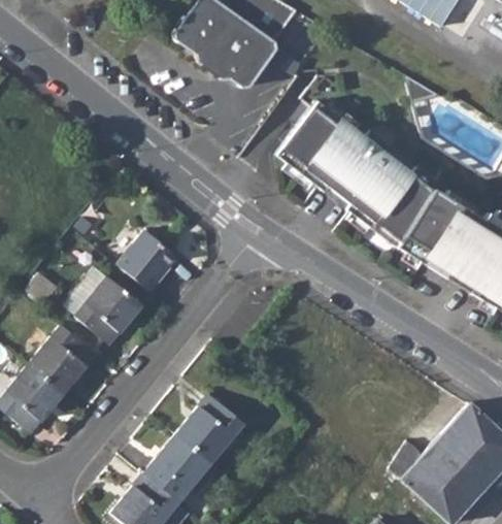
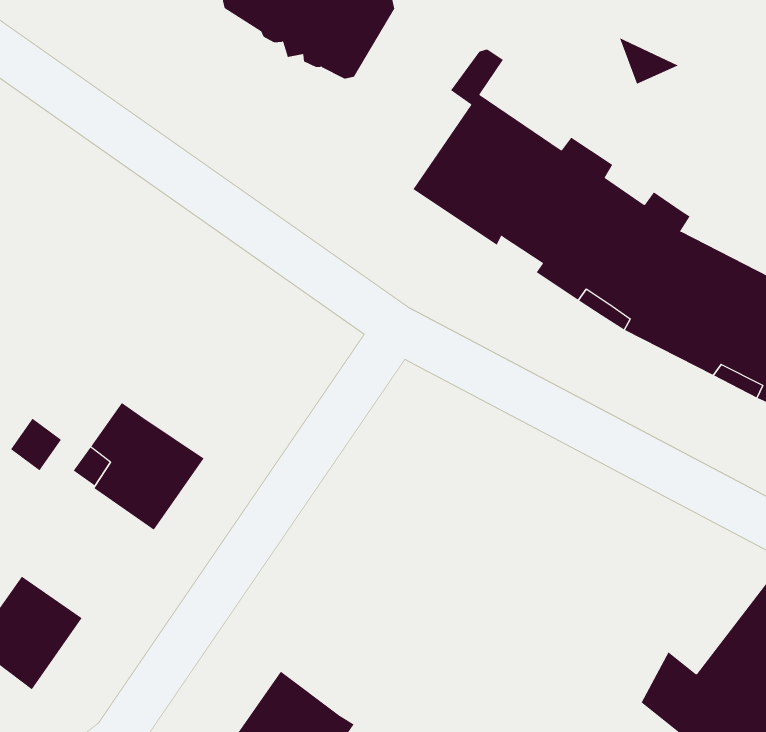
building: [119,230,177,292] -> none
building: [30,326,96,393] -> none
building: [178,394,244,462] -> none

